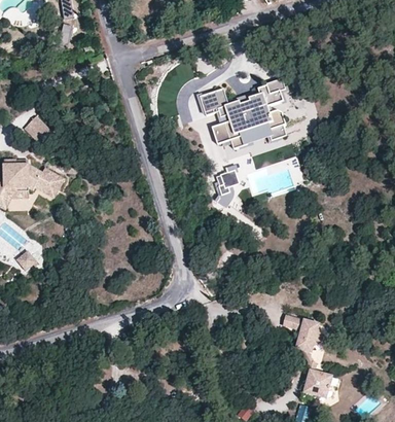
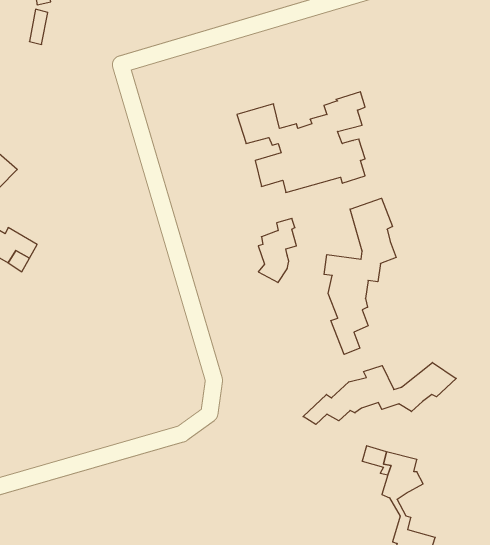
building: none -> [324,198,396,354]
building: none -> [303,362,456,424]

